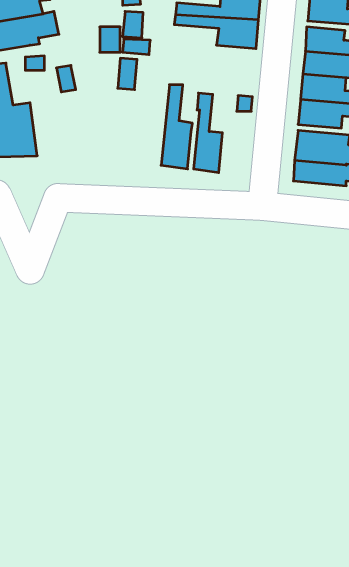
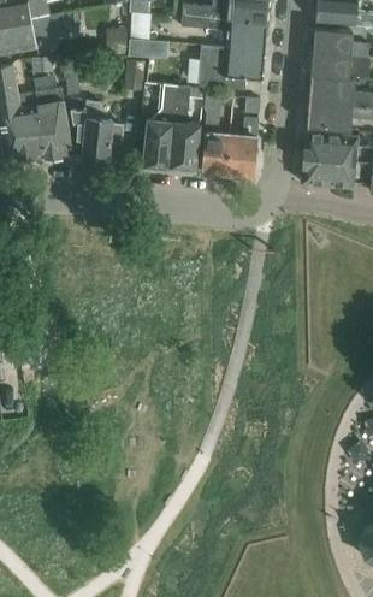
building: none -> [201,47,264,88]
building: none -> [142,84,177,167]
building: none -> [36,88,72,158]
building: none -> [70,100,122,160]
building: none -> [226,118,259,178]

